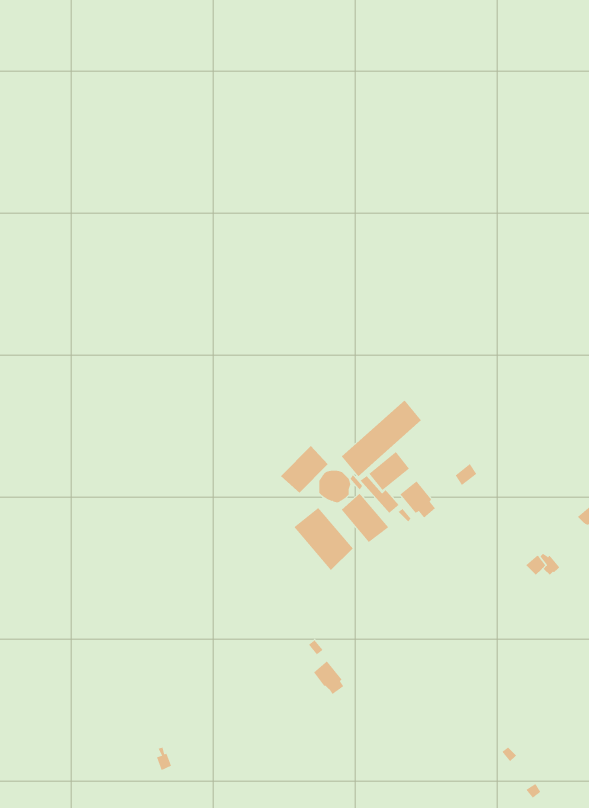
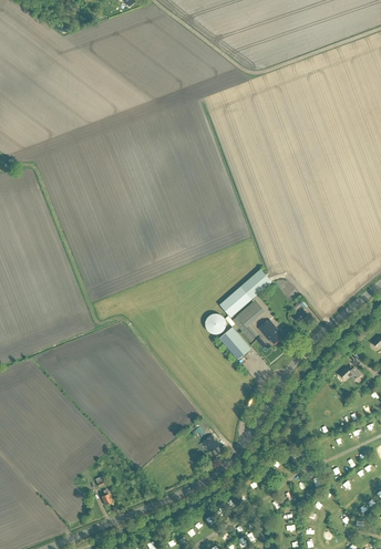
building: [280,445,329,494] -> none
building: [293,507,354,571] -> none

